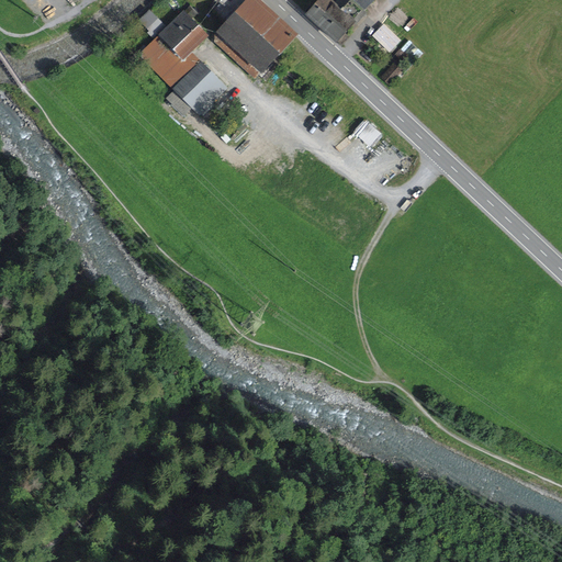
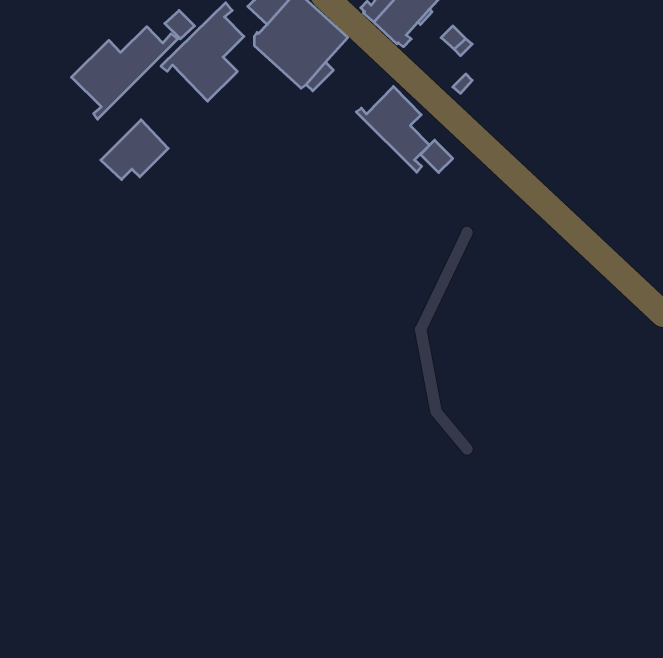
building: none -> [71,27,178,119]
building: [167,60,224,111] -> [101,120,168,180]
building: none -> [356,86,430,172]

